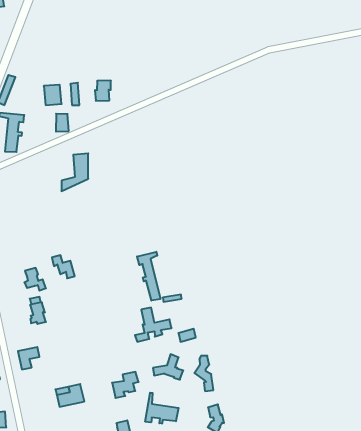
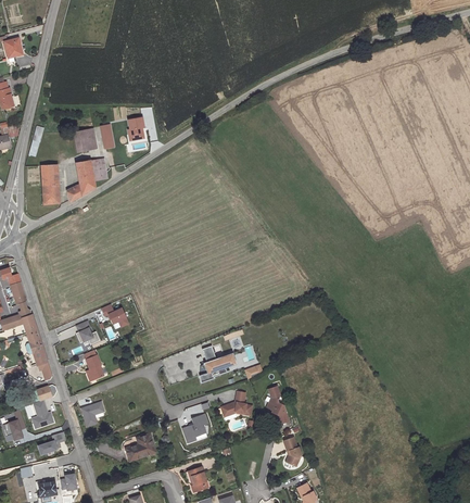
building: [61,153,88,191] -> [65,159,92,201]
building: [137,252,160,301] -> none
building: [145,393,179,424] -> none

